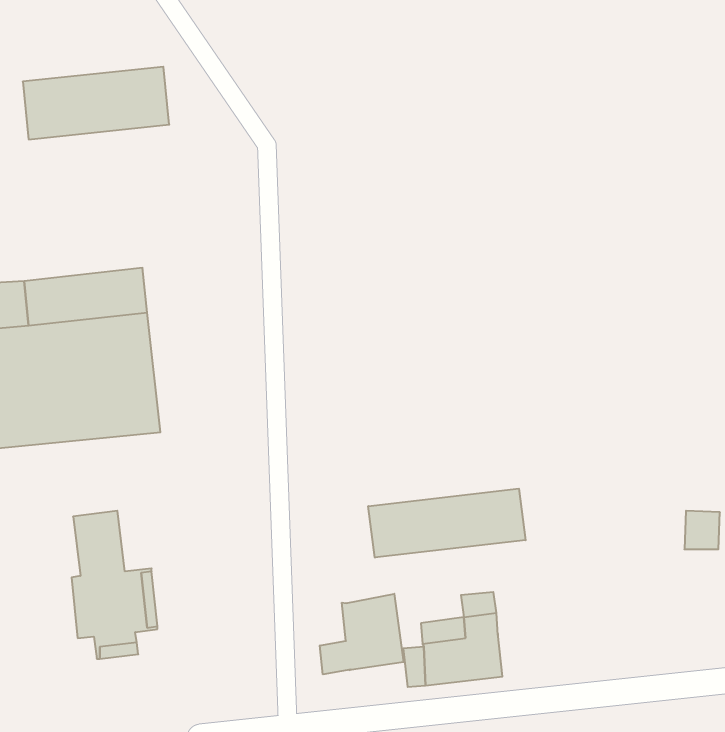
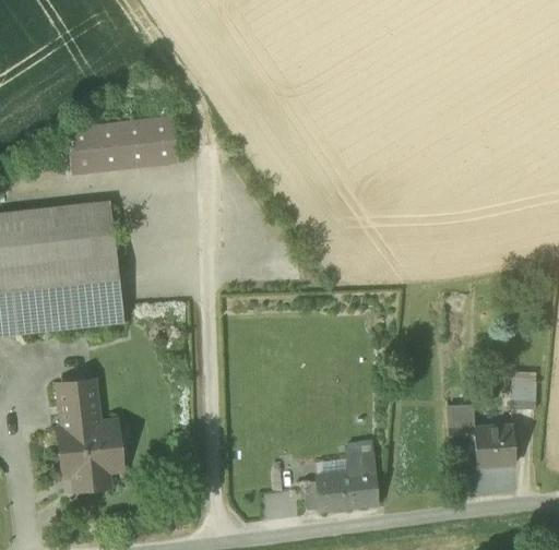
building: [23,67,169,139] -> [68,119,176,172]
building: [368,489,526,558] -> none
building: none -> [445,406,515,466]
building: [320,594,404,674] -> none

